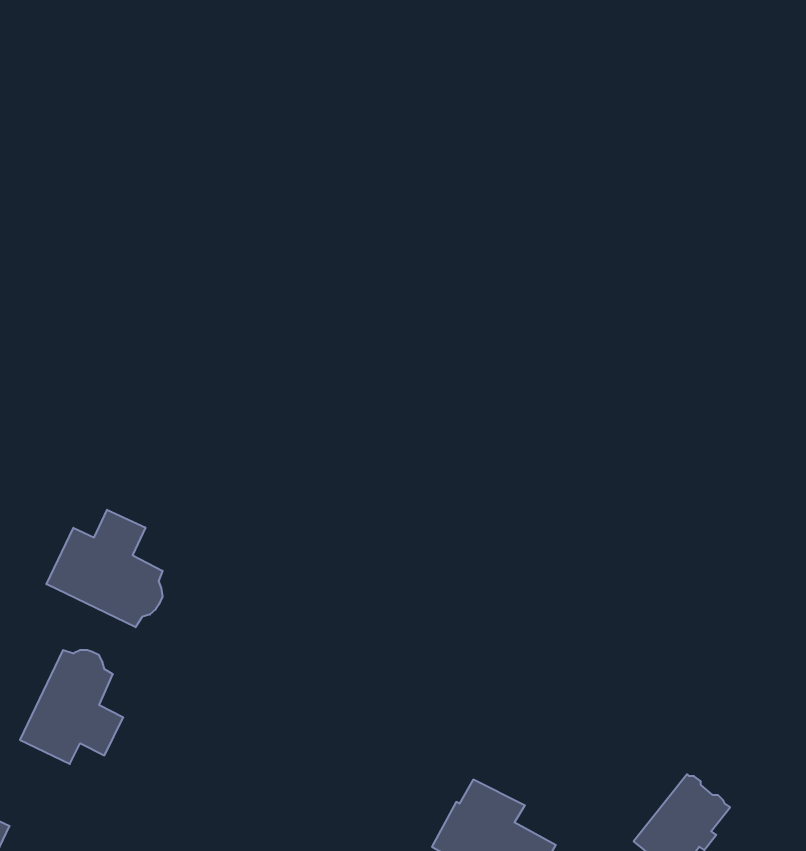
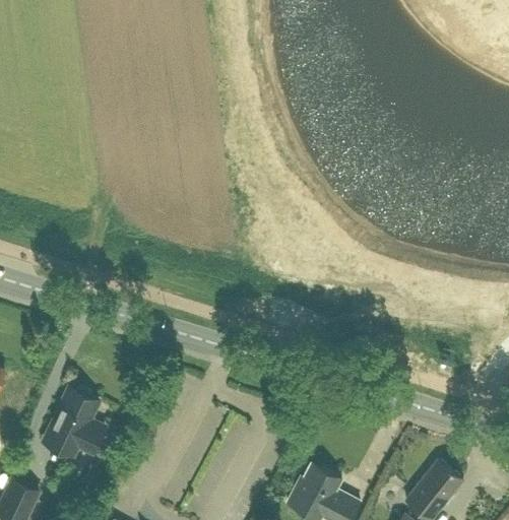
building: [46,510,163,627] -> none

